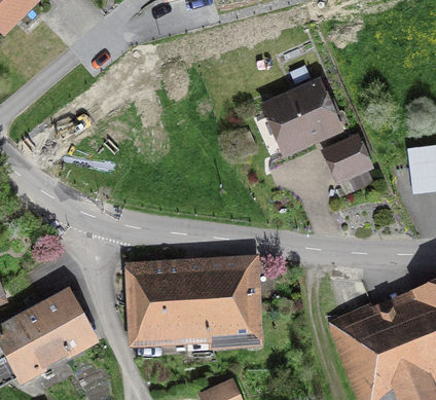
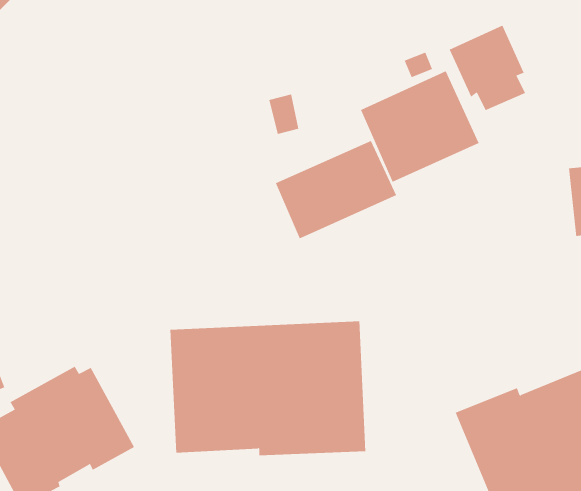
building: none -> [275,140,397,239]
building: [320,133,374,193] -> [449,25,526,111]

